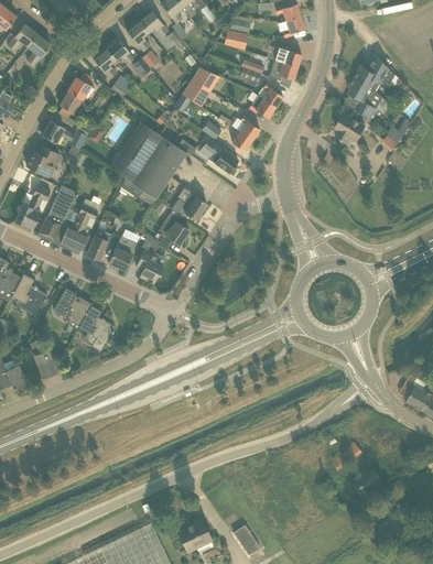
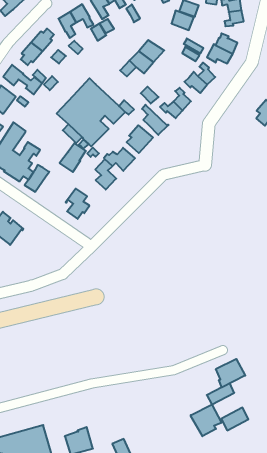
building: none -> [127,125,153,153]
building: [108,237,136,270] -> [60,143,86,172]
building: [79,305,115,351] -> none
building: none -> [216,359,245,387]
building: none -> [191,405,221,436]

